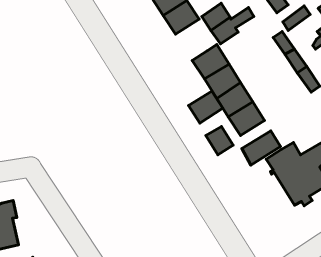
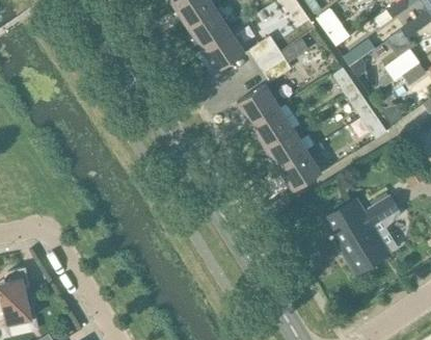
building: [189,91,223,123] -> none
building: [206,126,233,155] -> none
building: [242,131,281,165] -> none

